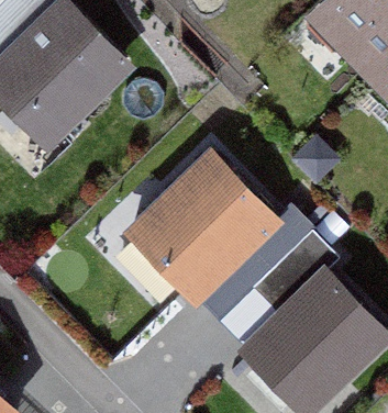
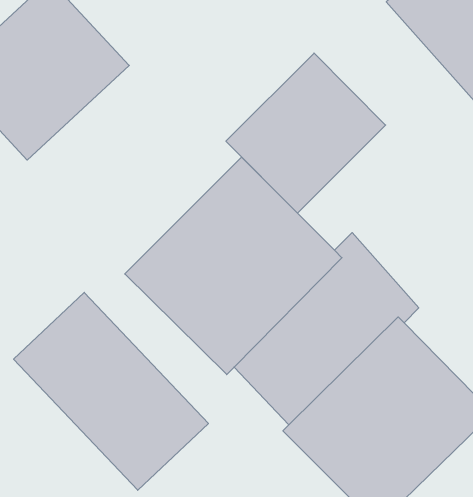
building: none -> [226,53,386,213]
building: none -> [14,292,208,490]

